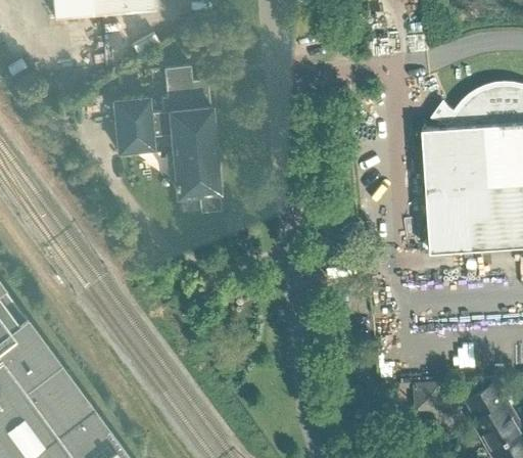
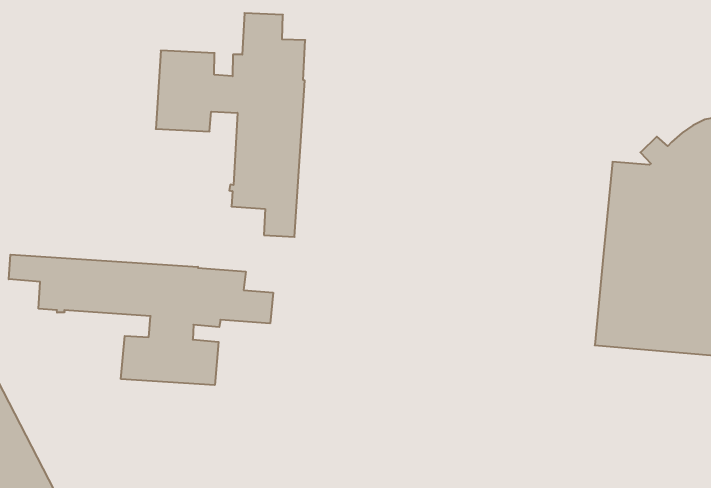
building: none -> [9,255,273,385]

